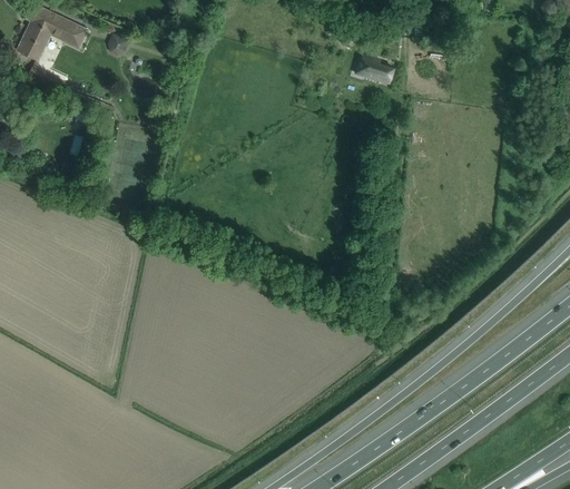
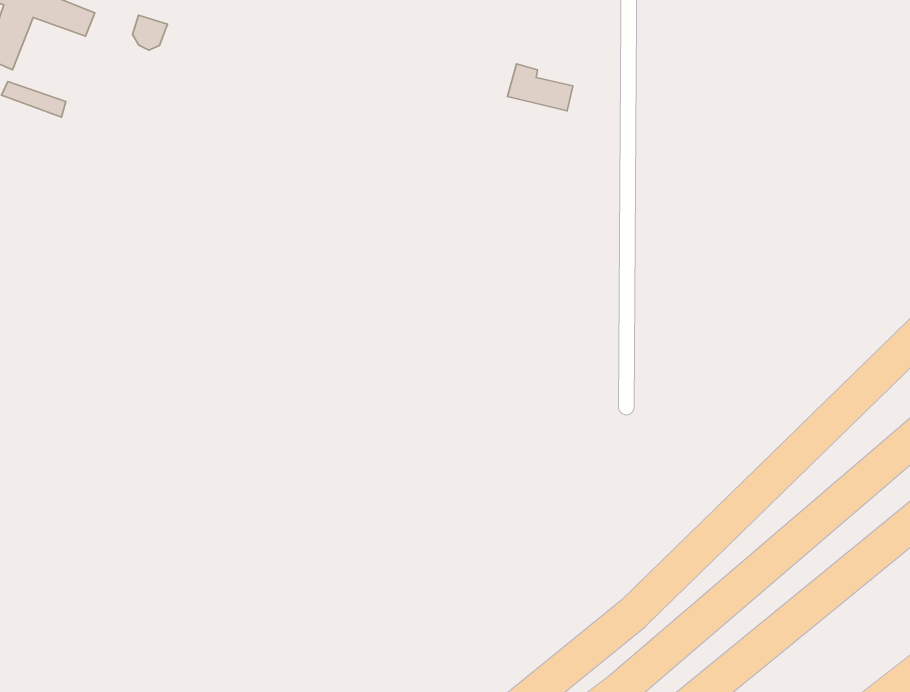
building: [353,55,392,85] -> [508,64,573,111]

